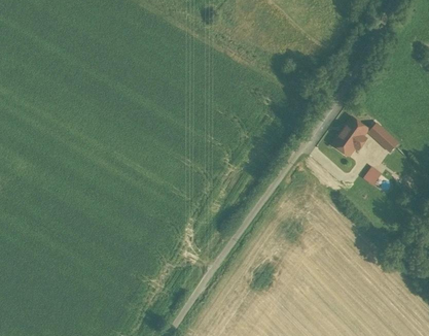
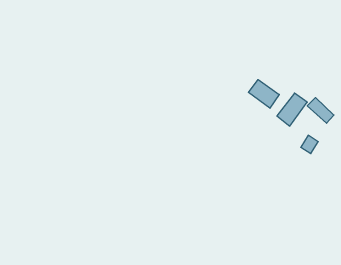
building: none -> [248,80,279,108]

